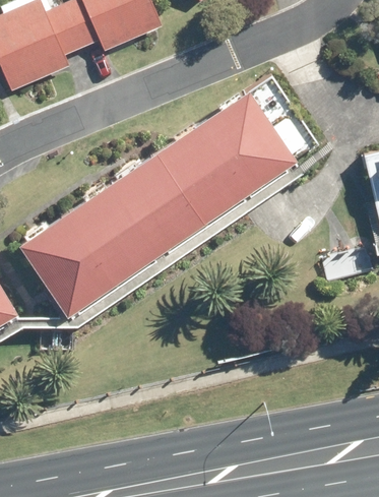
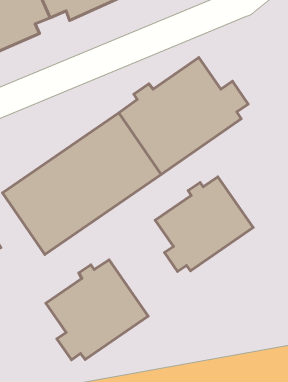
building: none -> [155,177,253,272]
building: none -> [46,260,148,360]

